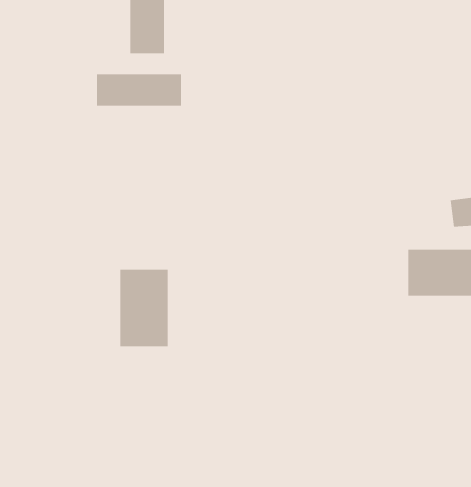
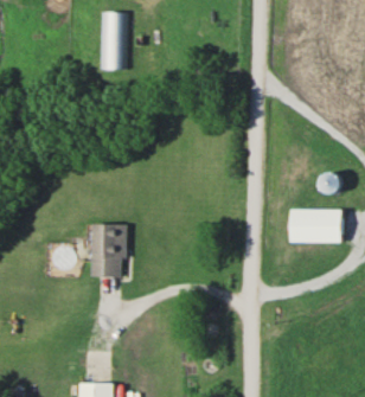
building: [96,73,182,106] -> none

